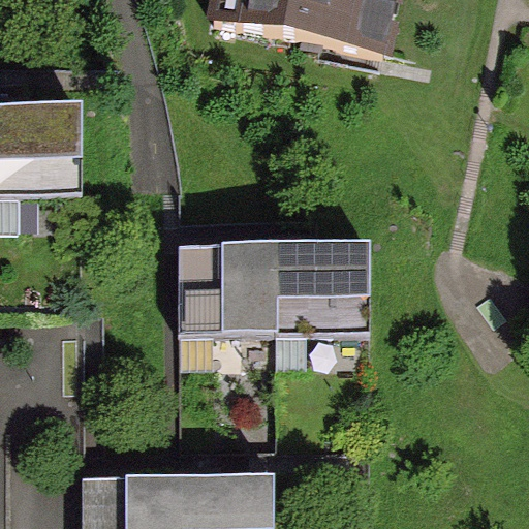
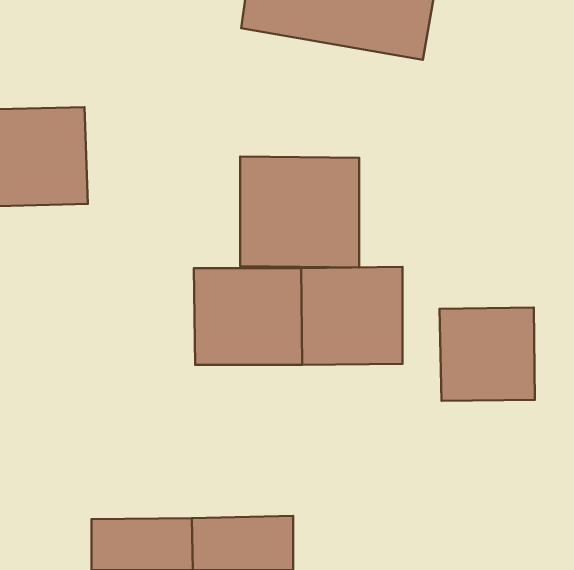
building: none -> [240,157,359,267]
building: none -> [439,308,535,401]

